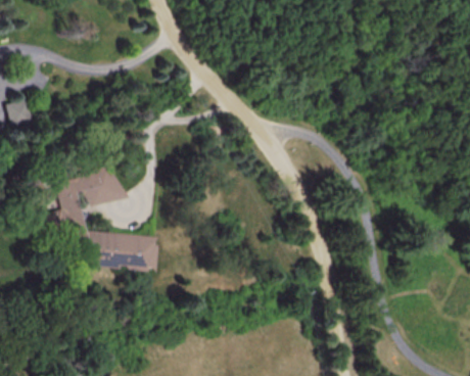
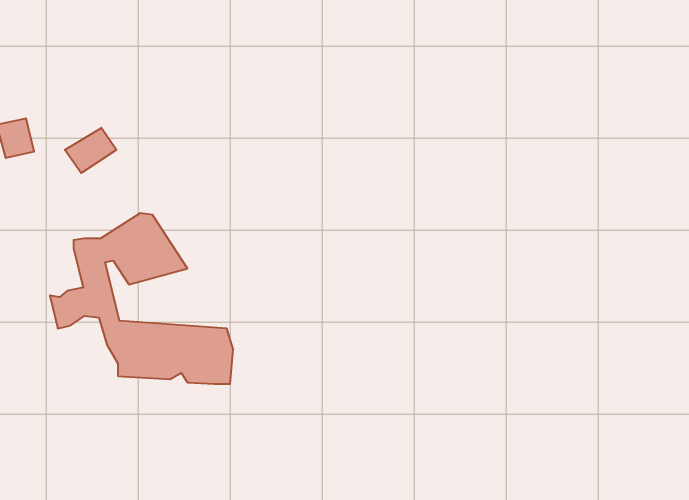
building: none -> [65,128,116,173]

